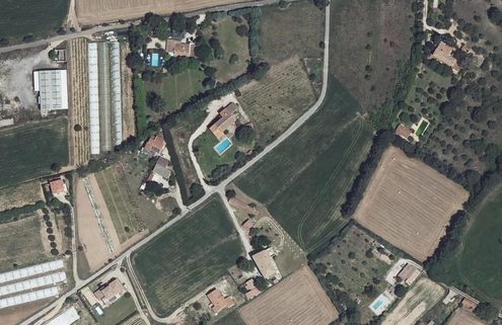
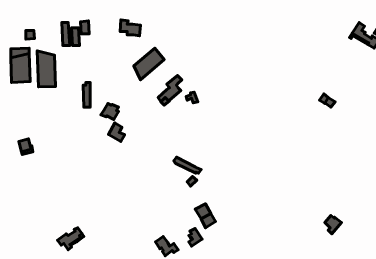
building: none -> [134,48,164,80]
building: none -> [37,51,56,87]

